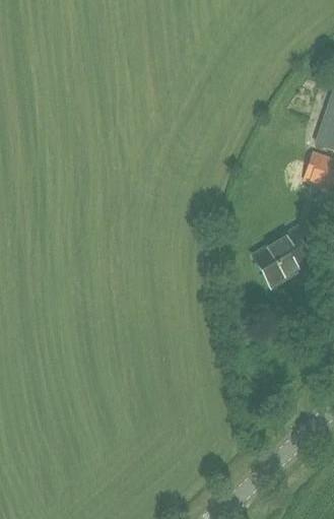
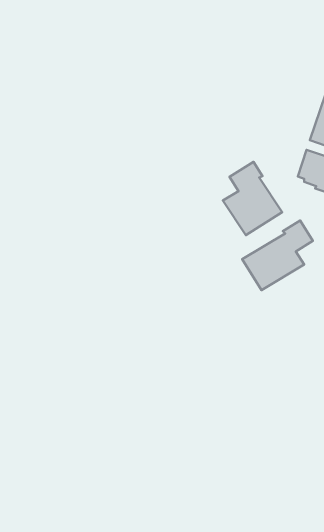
building: none -> [223,162,282,235]

